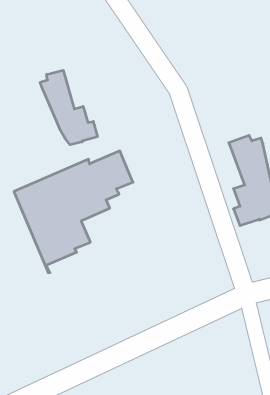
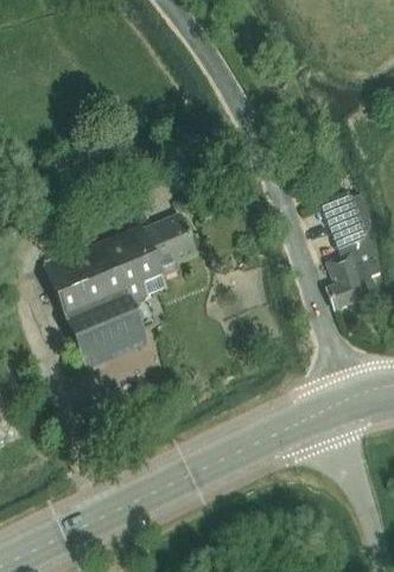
building: [40,70,97,145] -> none

